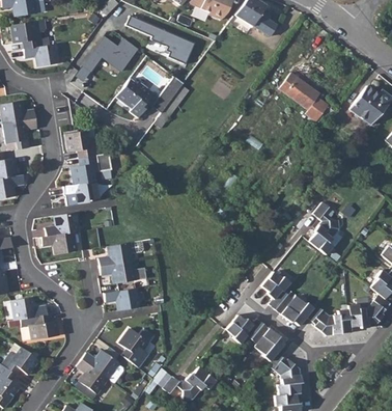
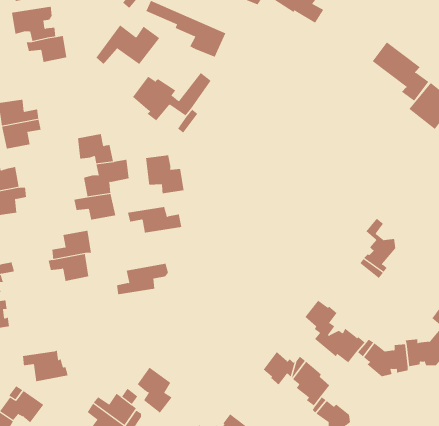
building: [279,73,328,124] -> [372,42,429,102]
building: none -> [145,155,184,194]
building: [103,262,149,284] -> [127,206,182,233]
building: [108,289,143,311] -> none
building: [13,298,49,320] -> none

